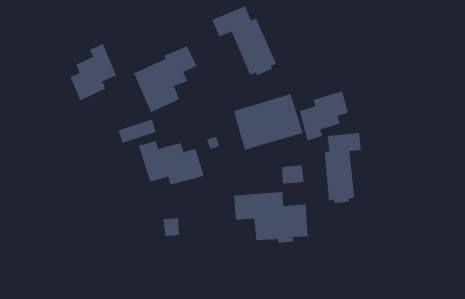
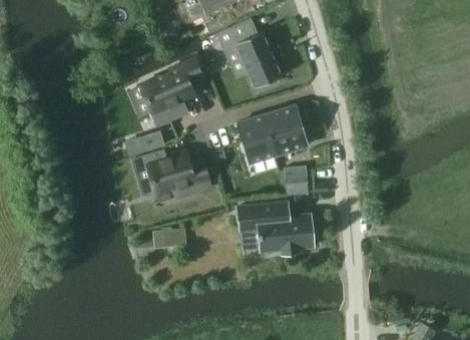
building: [70,43,117,101] -> none
building: [299,90,349,141] -> none
building: [324,132,362,204] -> none

